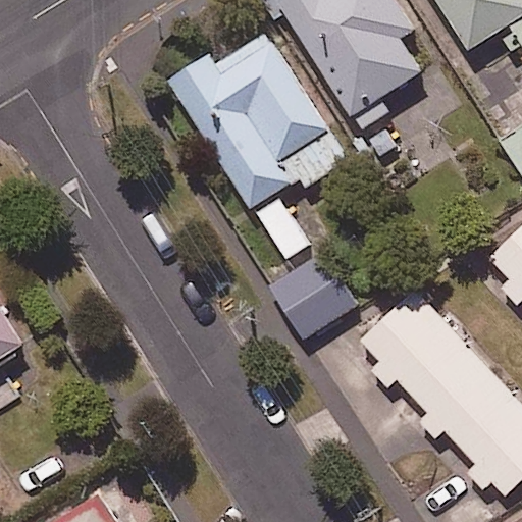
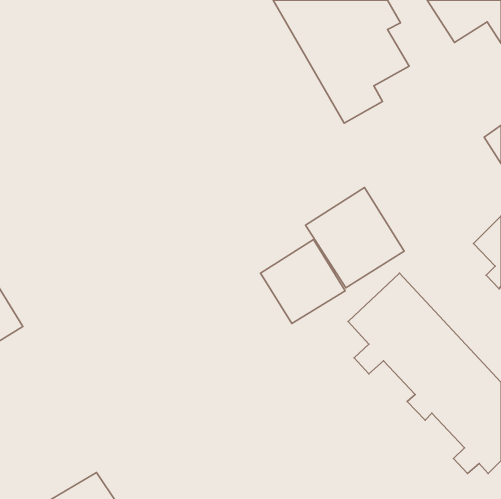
building: [168,32,349,262] -> none
building: none -> [306,187,404,288]

